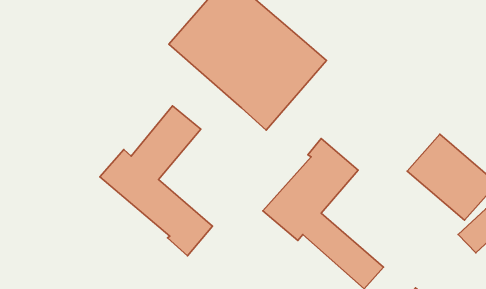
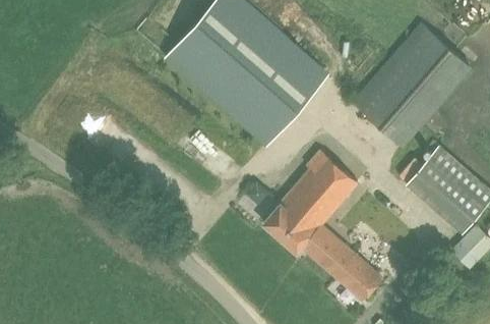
building: none -> [353,22,472,146]
building: [100,106,213,256] -> none

